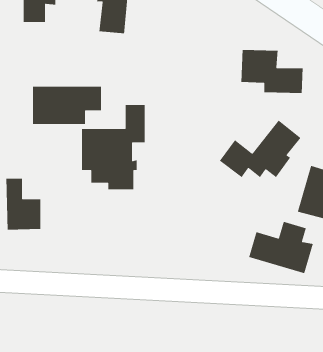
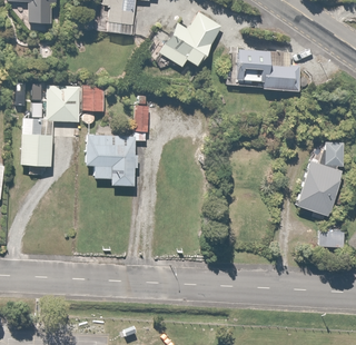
building: [219,120,301,178] -> [142,11,222,68]
building: [6,178,41,231] -> [19,115,53,166]
building: [248,221,314,274] -> none

